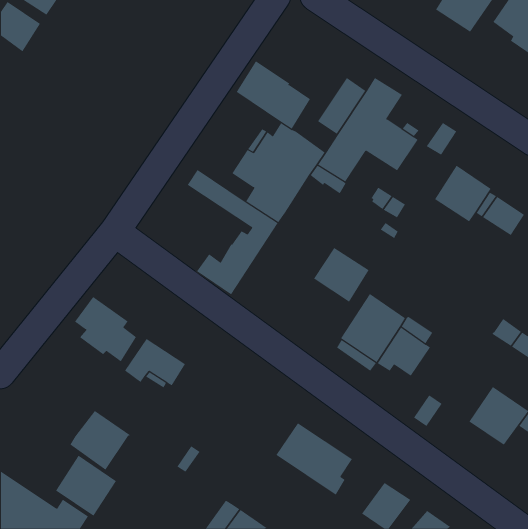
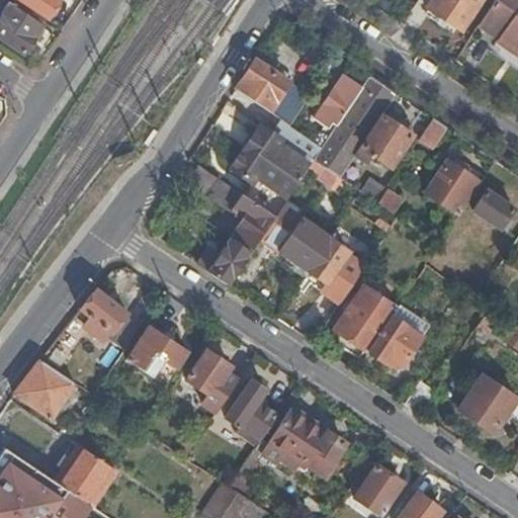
building: none -> [260,206,329,270]
building: none -> [185,351,240,416]
building: none -> [224,380,278,450]
building: [69,410,131,471] -> [14,360,74,419]

